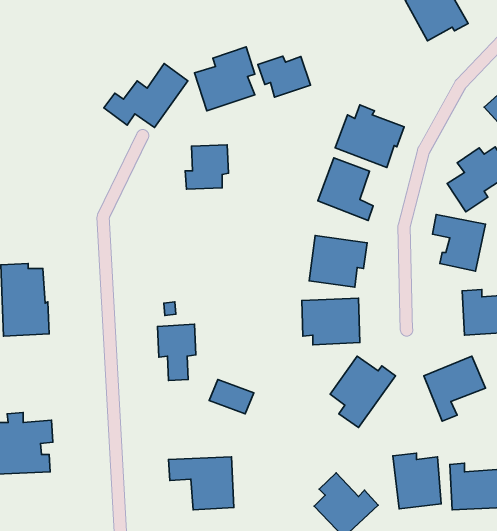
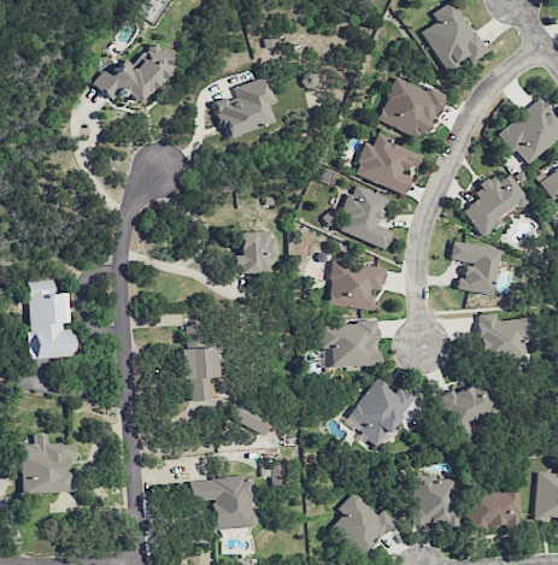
building: none -> [378,77,445,141]
building: [258,56,311,97] -> none
building: [104,63,188,128] -> [94,41,176,104]
building: [185,145,228,189] -> [234,230,276,273]

